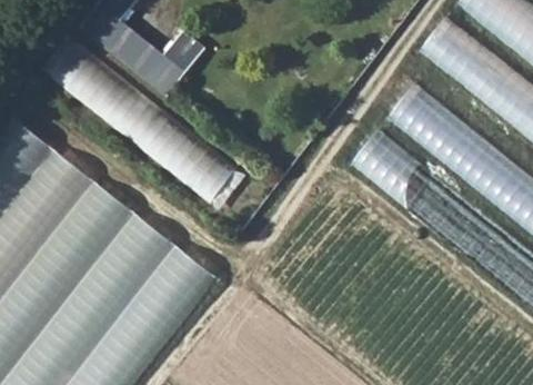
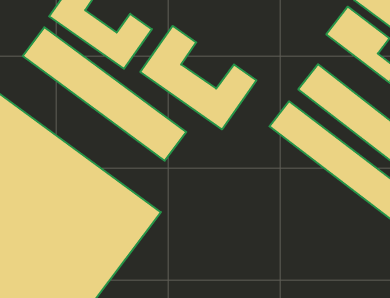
building: none -> [140,26,256,129]

